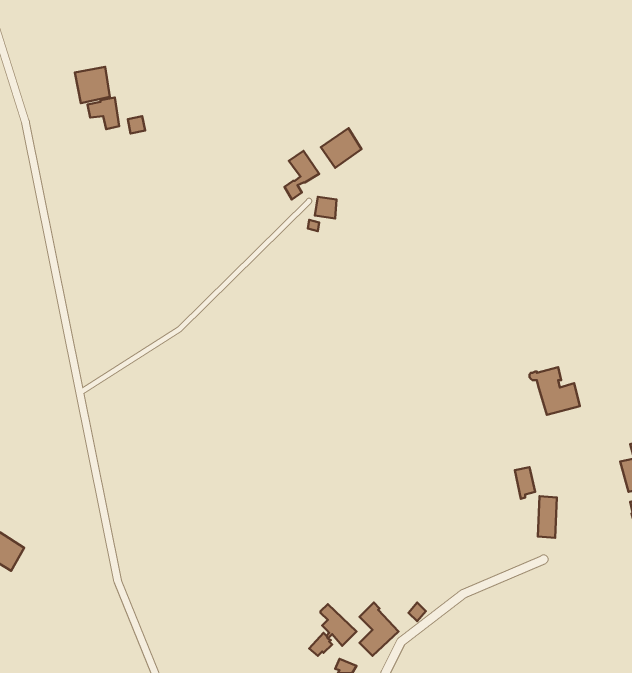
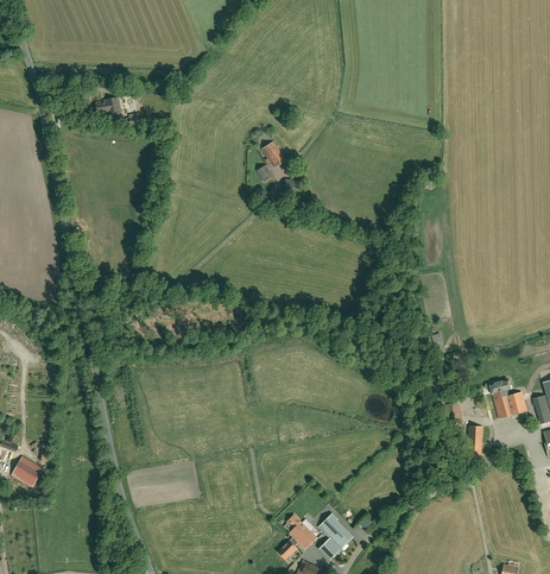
building: [75,67,110,103] -> none
building: [321,128,361,168] -> none
building: [530,367,580,415] -> [485,378,526,417]

